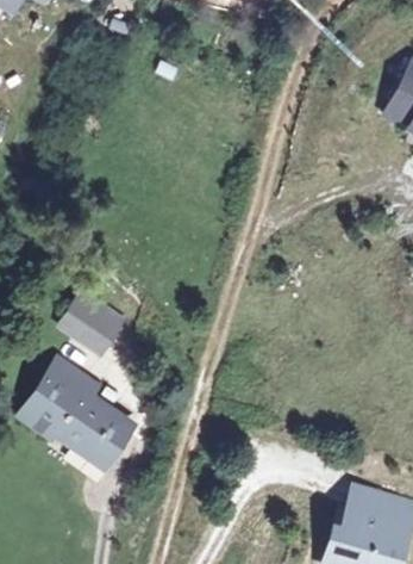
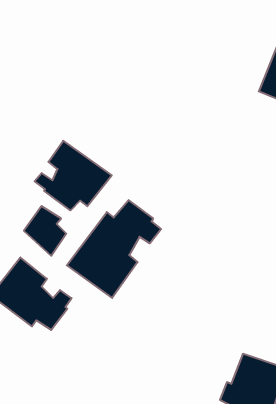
building: none -> [35,141,112,210]
building: none -> [67,200,161,298]

